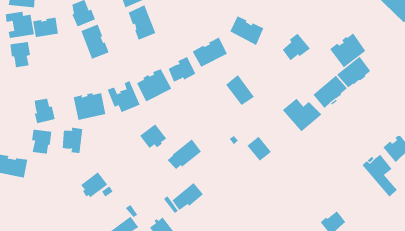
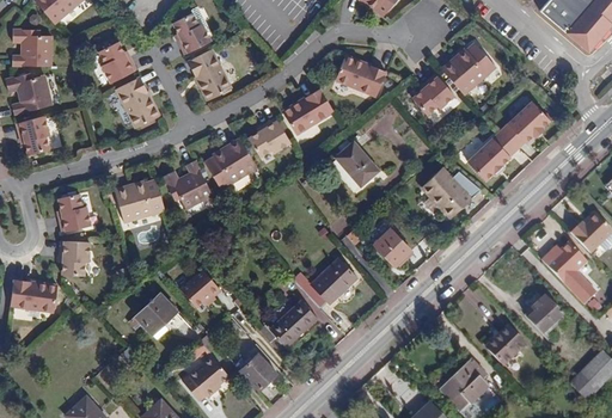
building: [33,17,59,38] -> none
building: [329,33,366,68] -> [441,43,495,96]
building: [139,124,167,149] -> [180,270,221,307]
building: [62,127,83,154] -> none
building: [167,139,202,170] -> [304,259,354,306]
building: none -> [526,296,561,333]

